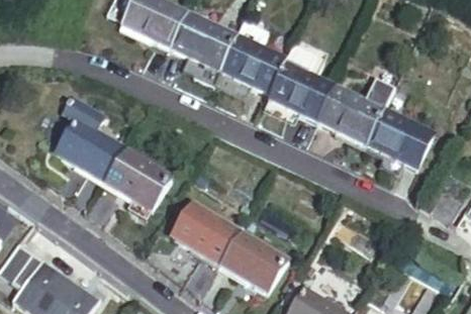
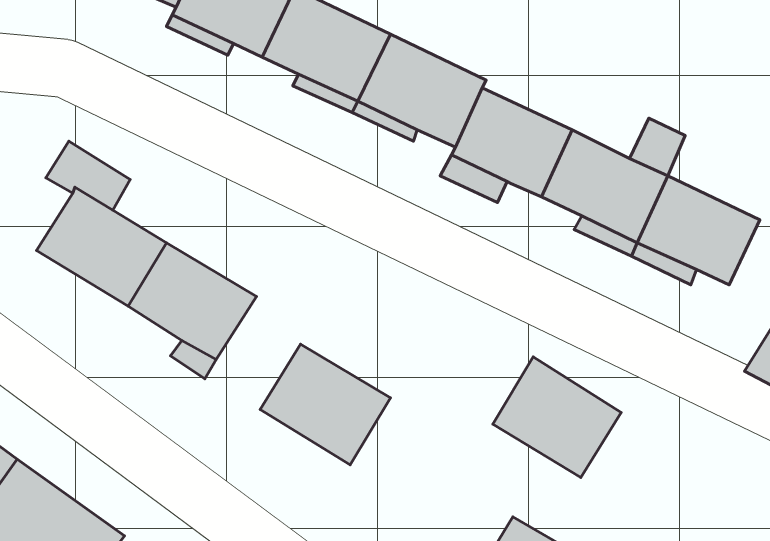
building: [218,227,286,291] -> [493,357,621,478]

